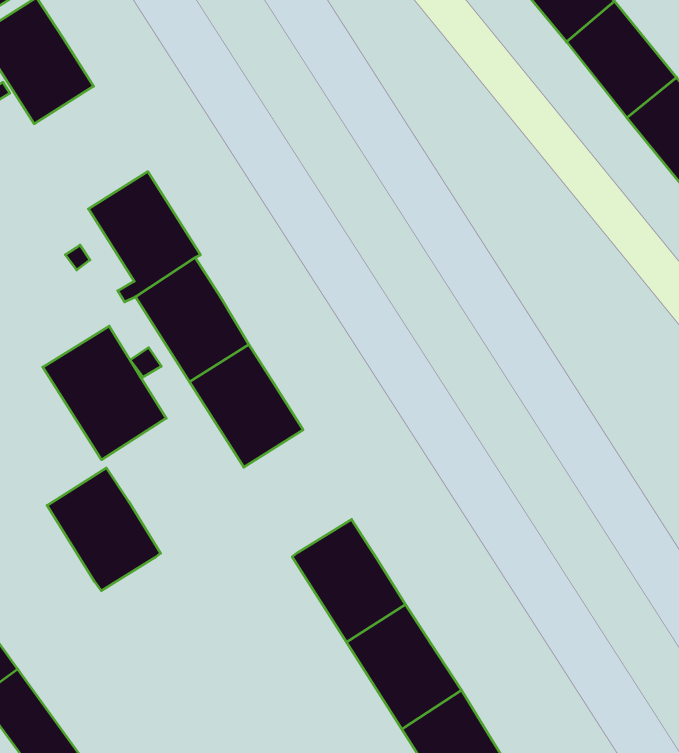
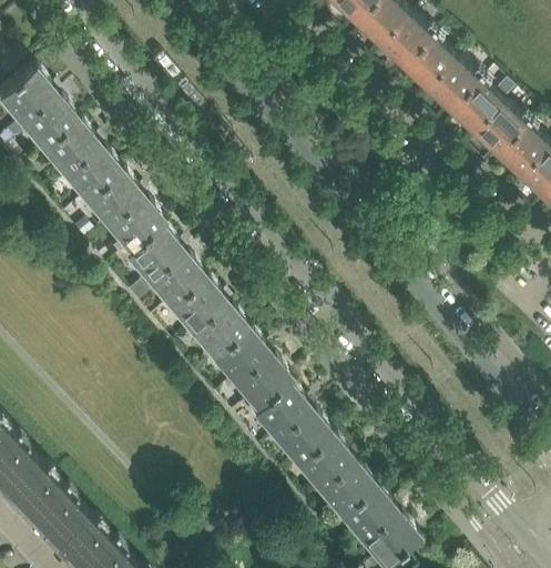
building: none -> [43,121,122,202]
building: [43,326,166,460] -> none
building: [47,468,161,591] -> [212,327,290,408]

